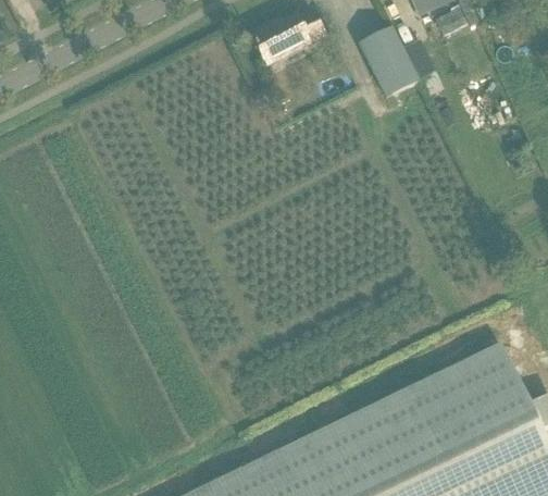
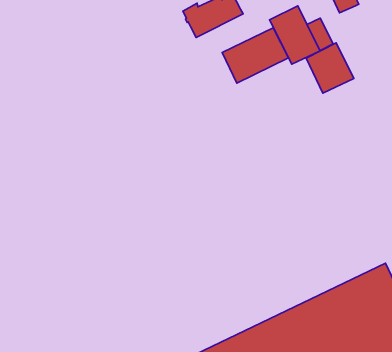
building: none -> [222,28,289,83]
building: none -> [306,43,354,93]

